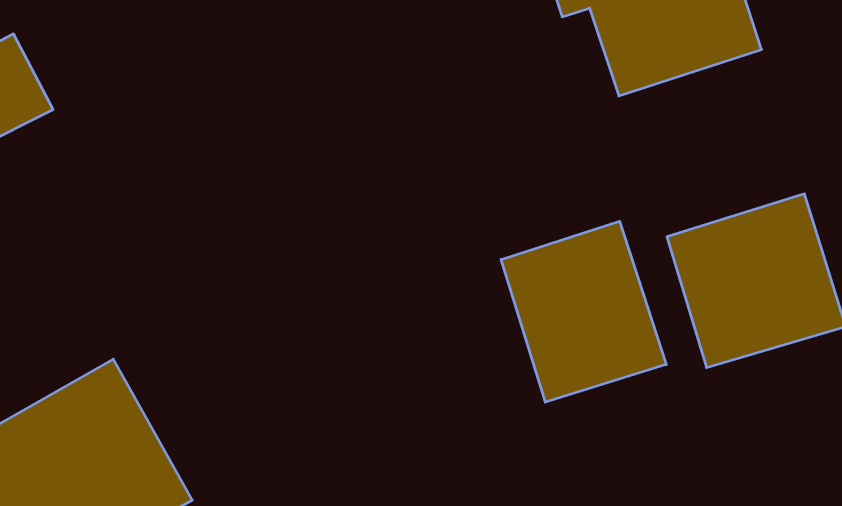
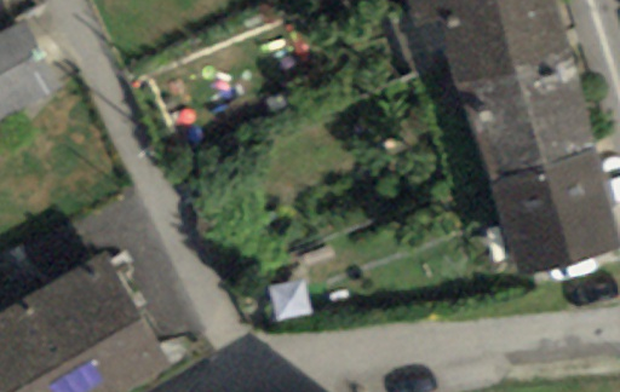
building: none -> [457,46,587,178]
building: [501,221,666,402] -> none

